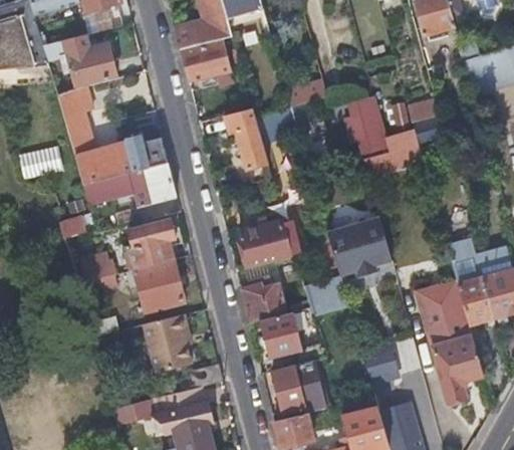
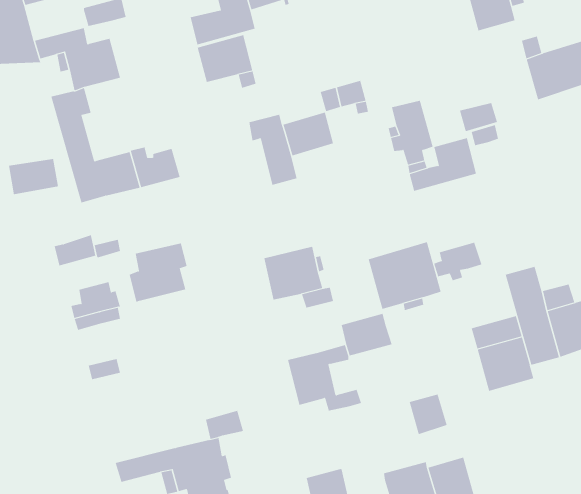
building: [82,163,176,206] -> none
building: none -> [434,242,482,281]
building: [133,259,183,311] -> none
building: [242,281,284,322] -> none
building: [143,314,193,373] -> none
building: [432,335,483,404] -> none
building: [271,360,326,413] -> none

